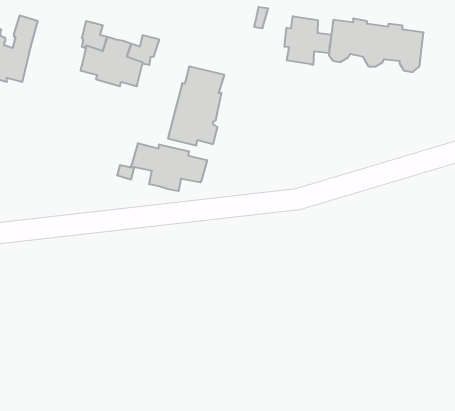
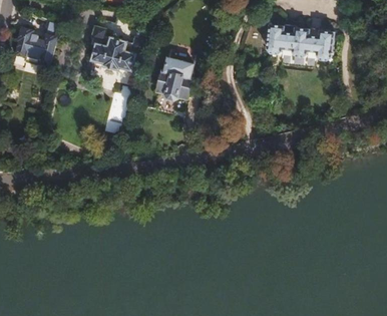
building: [284,16,331,65] -> none
building: [131,143,207,191] -> none

